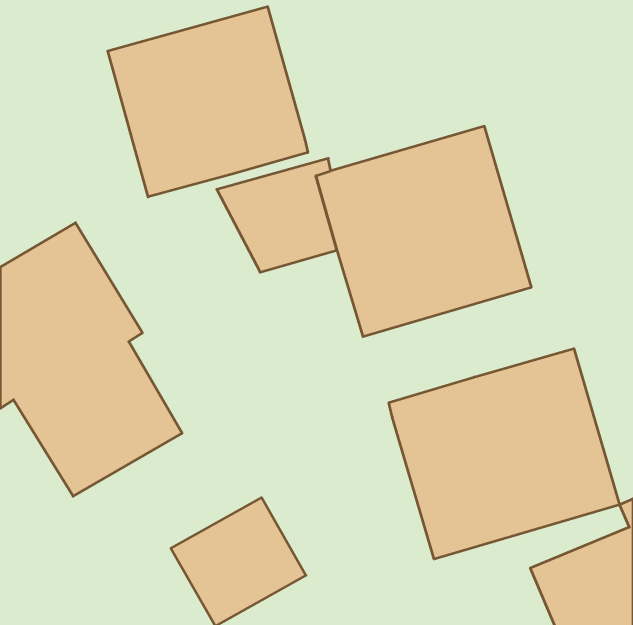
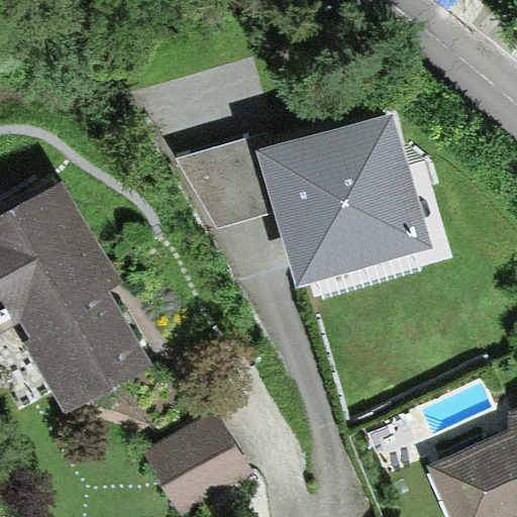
building: [108,7,308,197] -> none
building: [389,349,619,559] -> none

